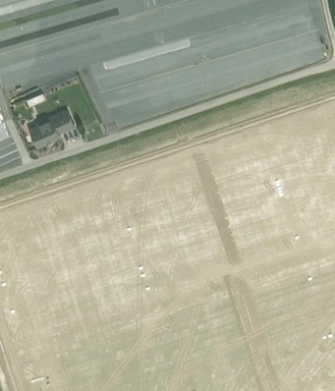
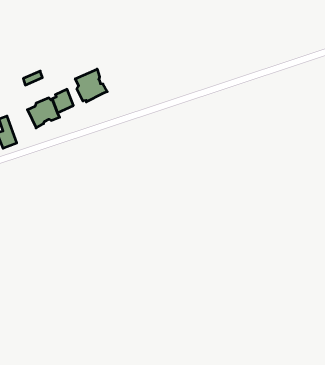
building: none -> [75,69,107,102]

